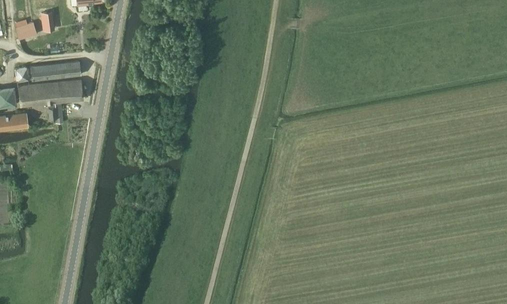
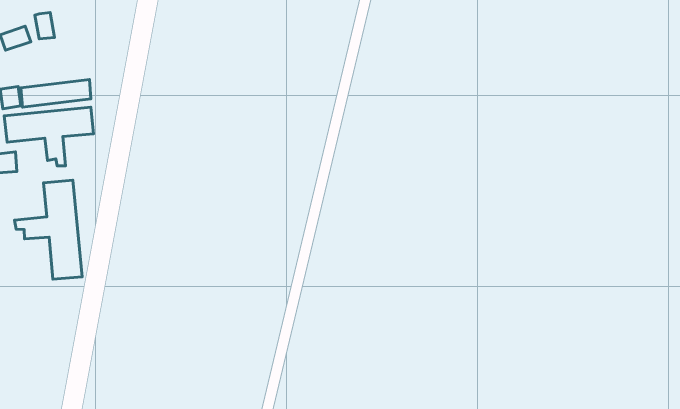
building: none -> [14,180,82,279]

